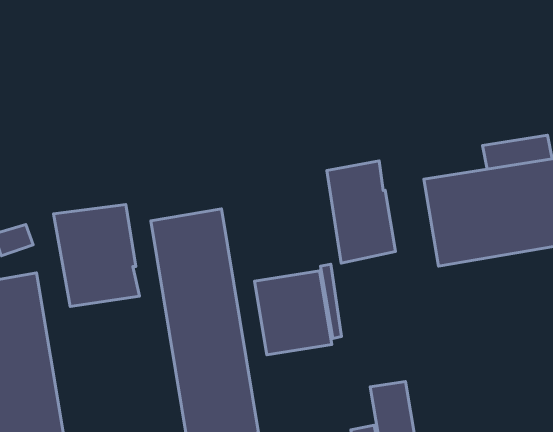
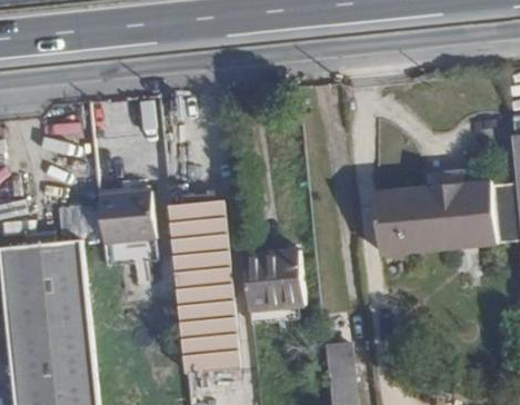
building: [327,161,396,263] -> none

